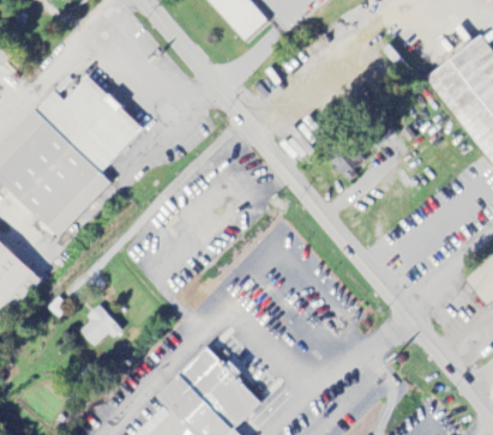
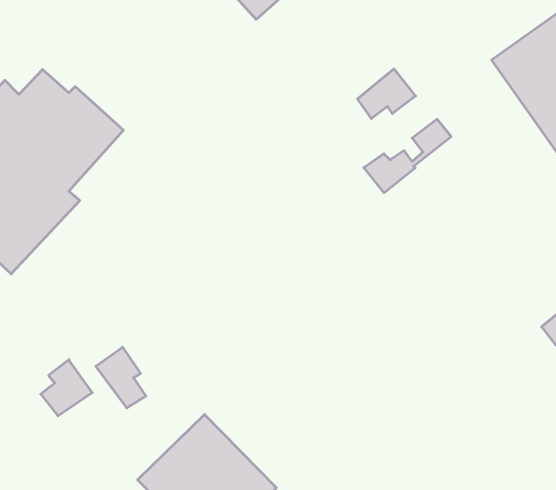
building: none -> [358,69,416,119]
building: none -> [96,347,146,408]

